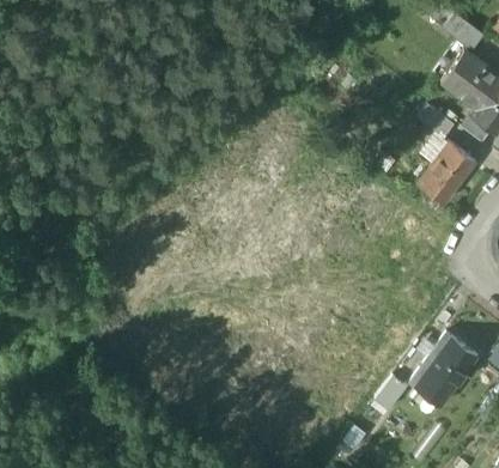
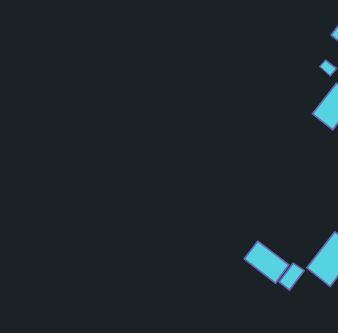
building: none -> [244,241,289,283]

